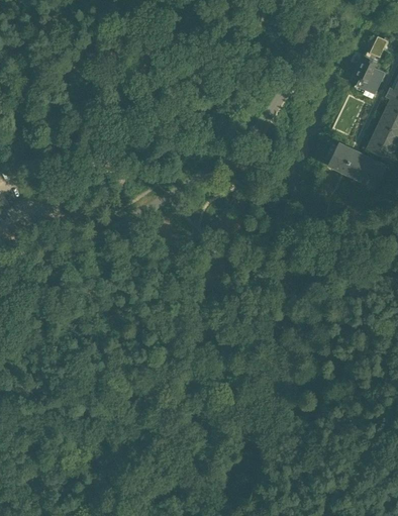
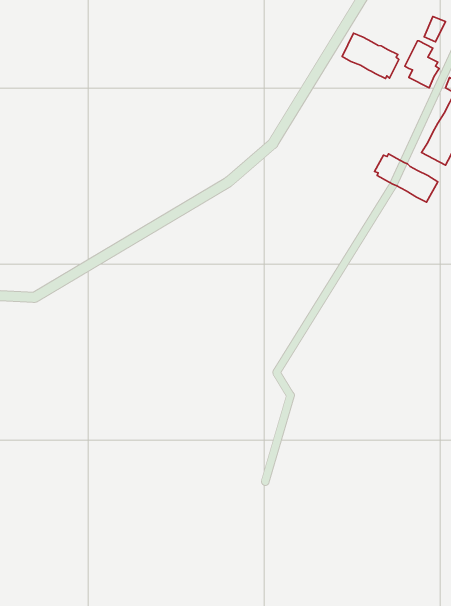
building: none -> [342,33,399,79]

